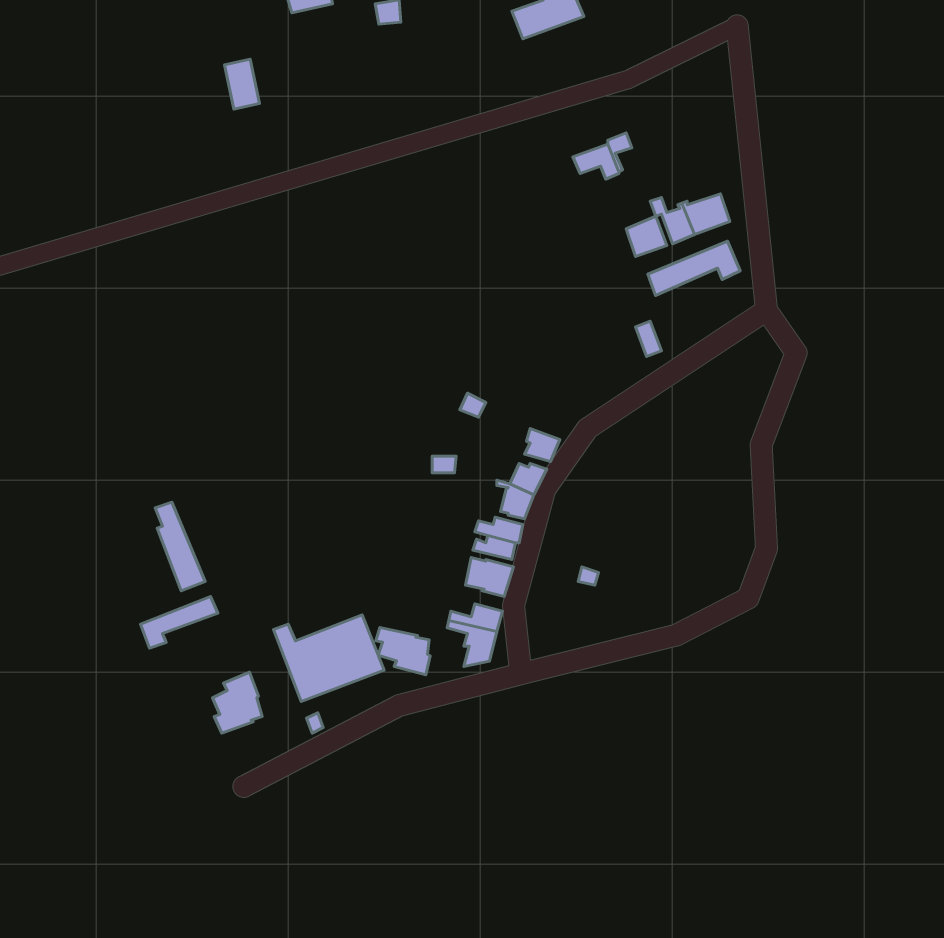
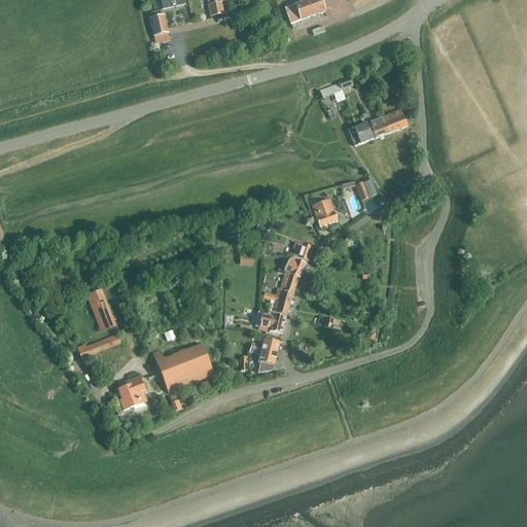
building: [224,59,260,109] -> [150,13,170,41]
building: [648,241,740,296] -> none
building: none -> [311,198,336,224]
building: [376,628,430,675] -> none

